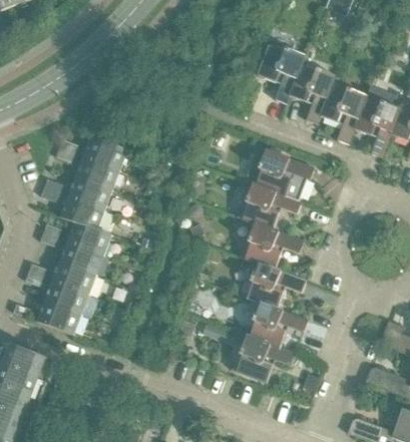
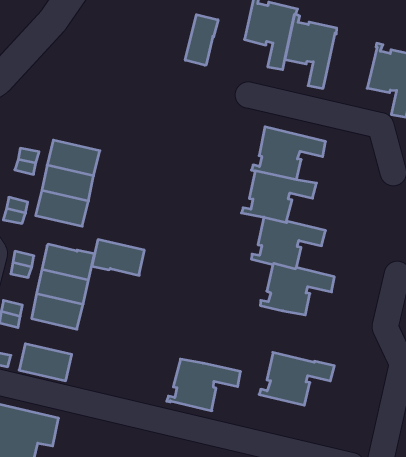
building: none -> [185,15,218,65]
building: [321,79,367,144] -> none
building: [59,195,104,230] -> [92,240,144,275]
building: [44,280,88,314] -> none
building: [244,302,308,348] -> [167,359,241,411]

